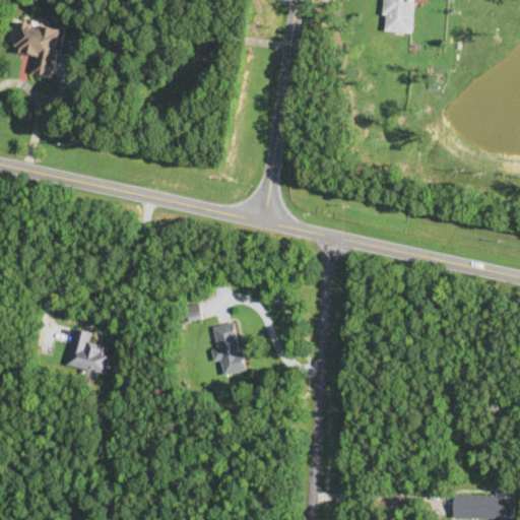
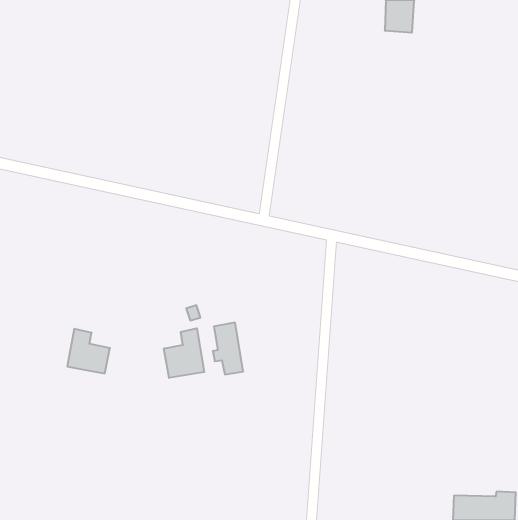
building: [14,21,60,76] -> none
building: none -> [164,328,204,378]

